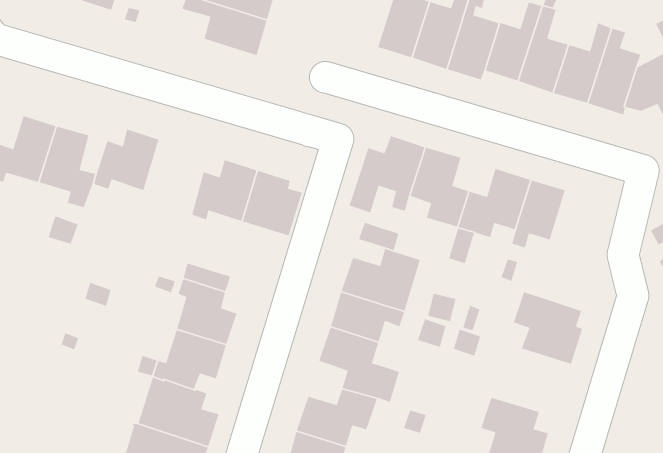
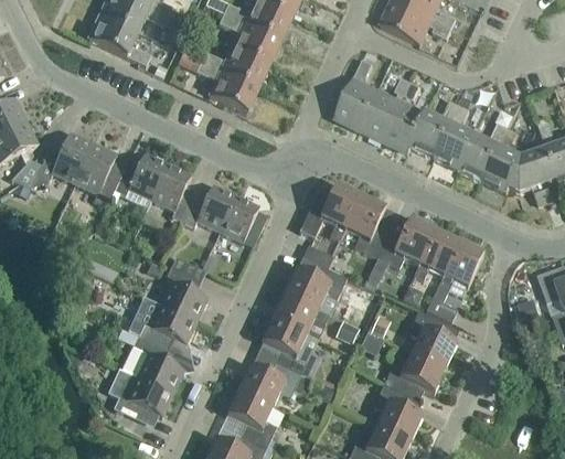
building: none -> [150,163,195,222]
building: none -> [426,241,483,321]
building: none -> [383,352,445,399]

